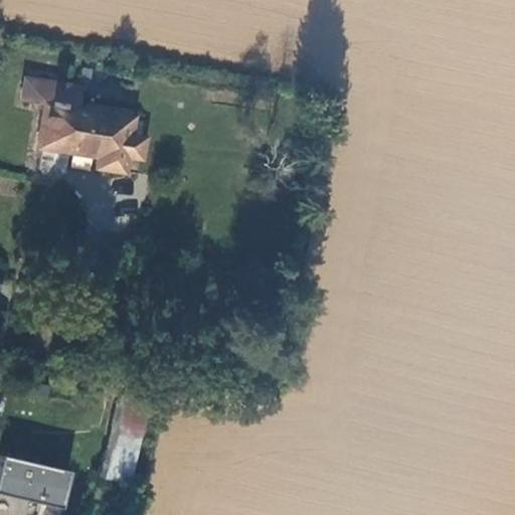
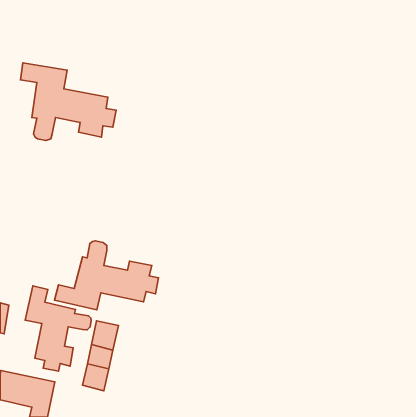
building: none -> [55,241,159,310]
building: none -> [25,286,91,371]

